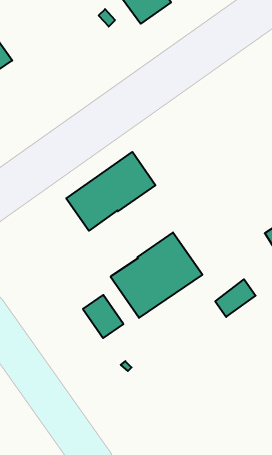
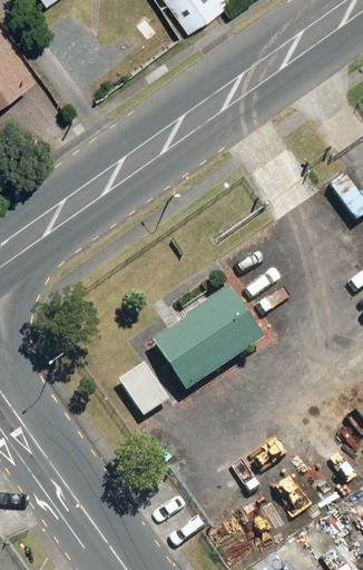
building: [66,152,155,231] -> none

